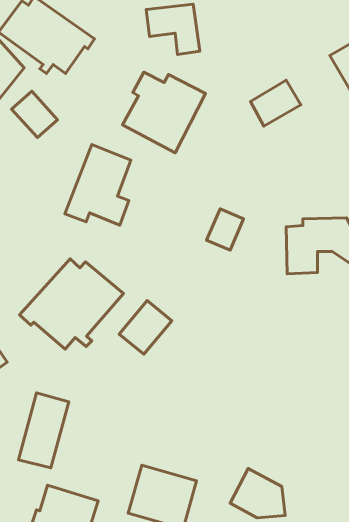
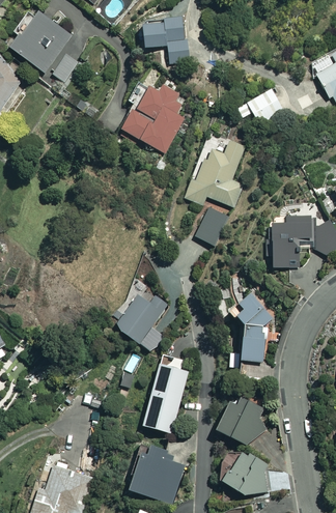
building: [12,91,57,137] -> none
building: [65,145,131,225] -> [186,133,247,207]
building: [20,259,123,349] -> none
building: none -> [225,289,274,363]
building: [18,393,69,468] -> [141,363,188,432]
building: none -> [215,394,273,445]

